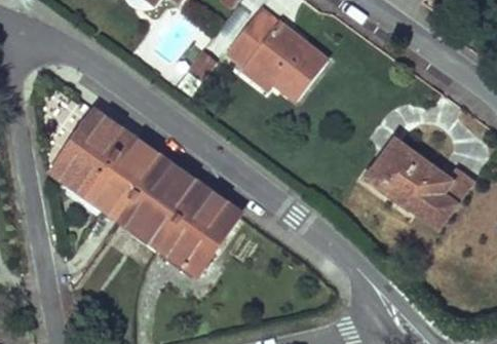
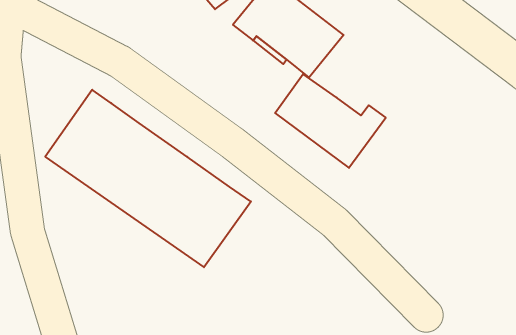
building: [371,141,472,227] -> [275,74,386,168]

